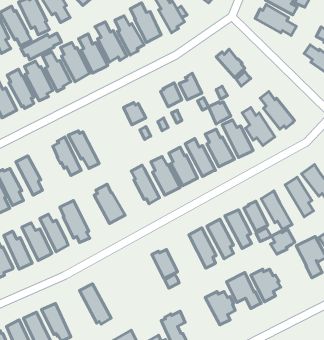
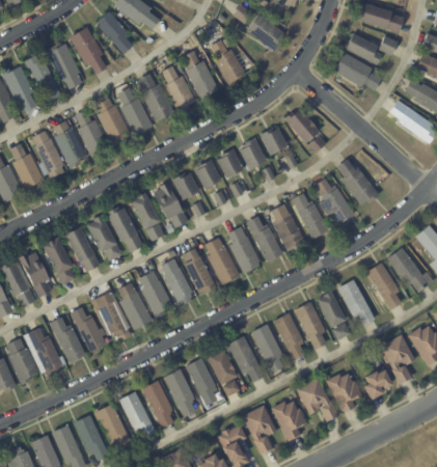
building: [21,33,62,60] -> none
building: none -> [194,158,220,188]
building: [208,102,231,124] -> [260,127,286,154]
building: none -> [153,181,186,226]
building: none -> [130,191,163,240]
building: none -> [63,225,99,270]
building: none -> [161,257,191,305]
building: none -> [117,281,152,329]
building: [271,229,295,254] -> [363,367,392,397]
building: none -> [227,335,264,381]
building: none -> [185,357,217,405]
building: none -> [163,368,196,416]
building: none -> [141,380,173,427]
building: none -> [95,403,132,449]
building: none -> [242,405,276,454]

